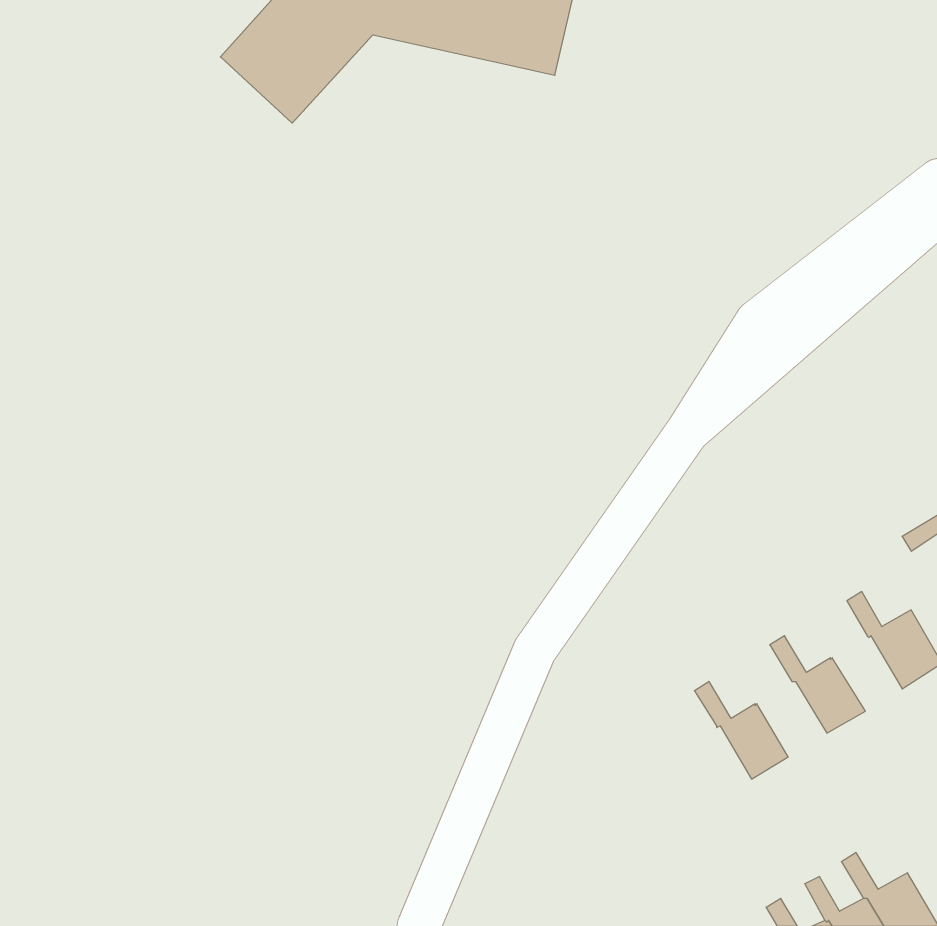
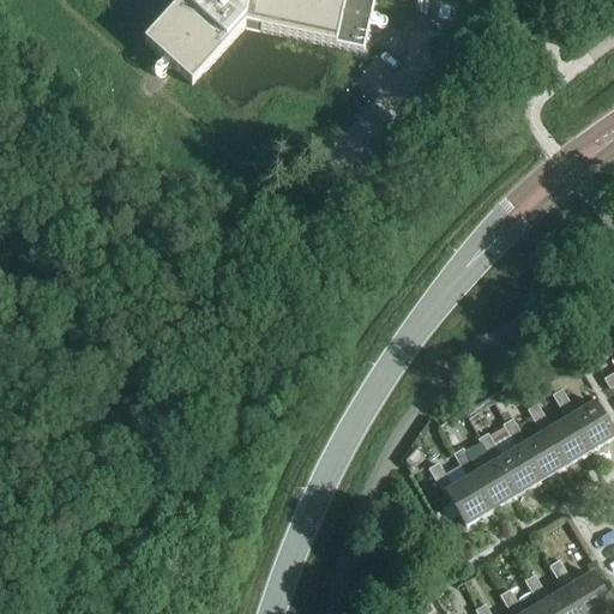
building: none -> [529,401,590,464]
building: none -> [480,431,541,494]
building: none -> [431,459,492,523]

